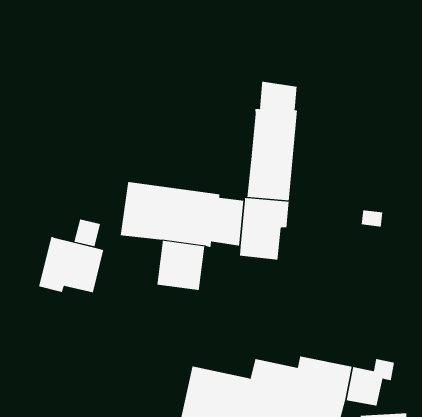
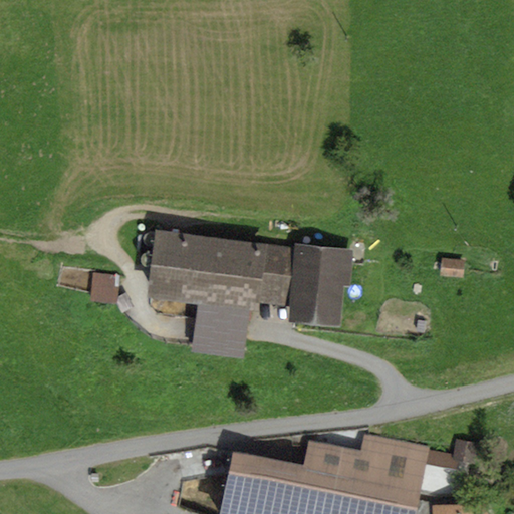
building: [247,81,298,201] -> none
building: [38,236,104,293] -> none

